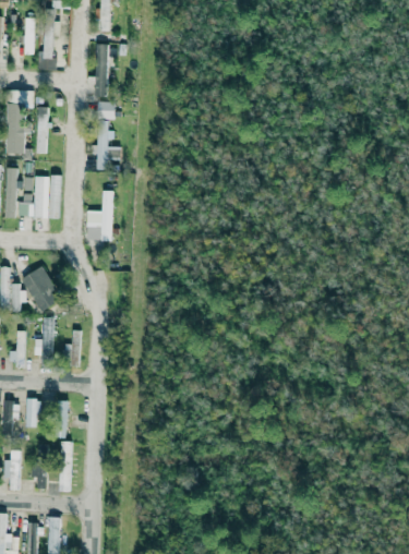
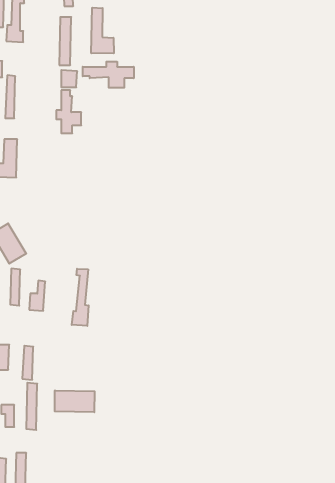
building: none -> [91,8,114,53]
building: none -> [83,62,134,88]
building: [87,190,115,241] -> none
building: none -> [72,269,89,326]
building: none -> [55,390,95,412]

